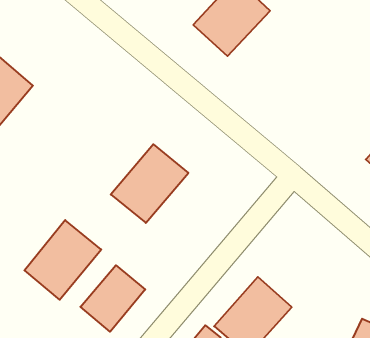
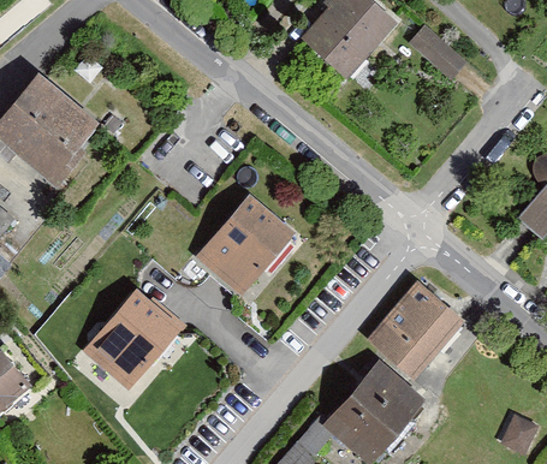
building: none -> [410,26,465,81]
building: none -> [368,281,464,377]
building: [80,265,145,332] -> none

